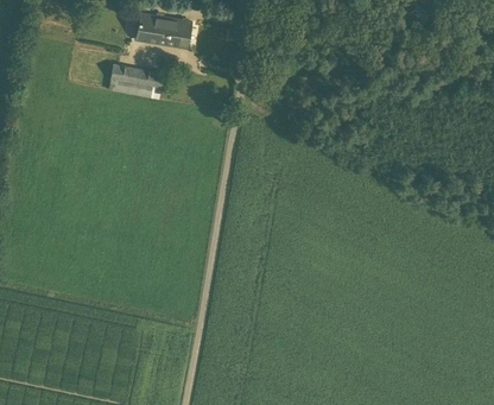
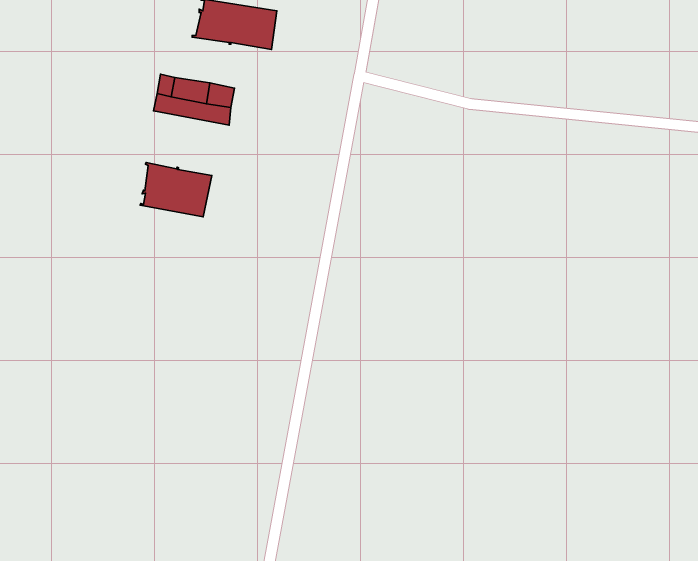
building: none -> [140,162,212,217]

